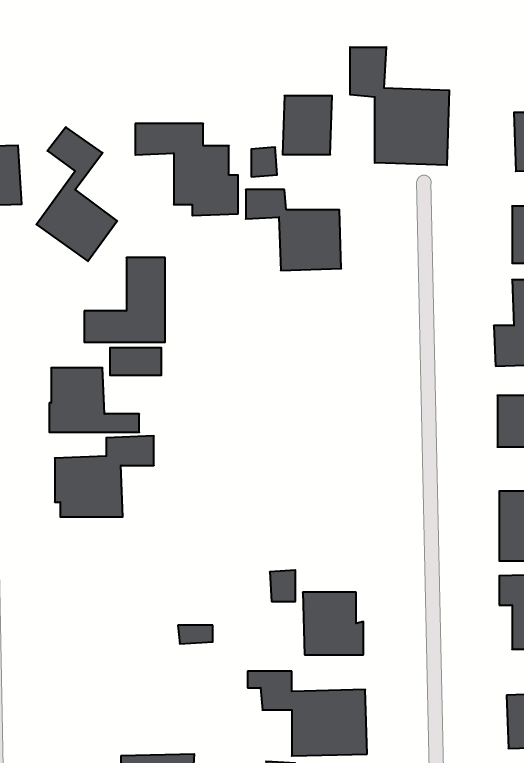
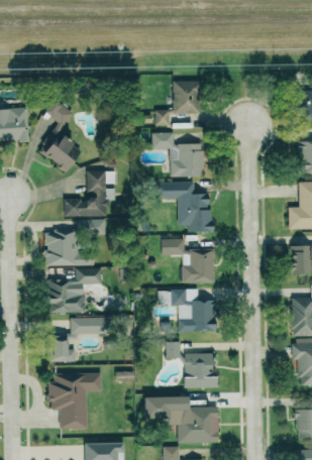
building: [350,47,449,165] -> none
building: [135,124,238,216] -> [157,182,213,232]
building: none -> [162,239,214,282]
building: none -> [158,289,215,332]
building: none -> [51,317,111,361]
building: none -> [48,372,102,429]

